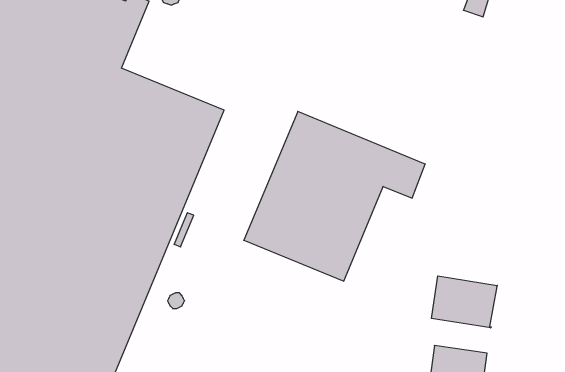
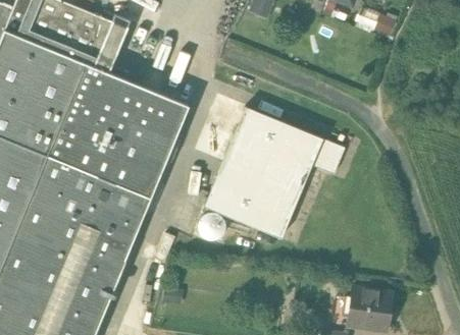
building: [431,276,497,328] -> none

